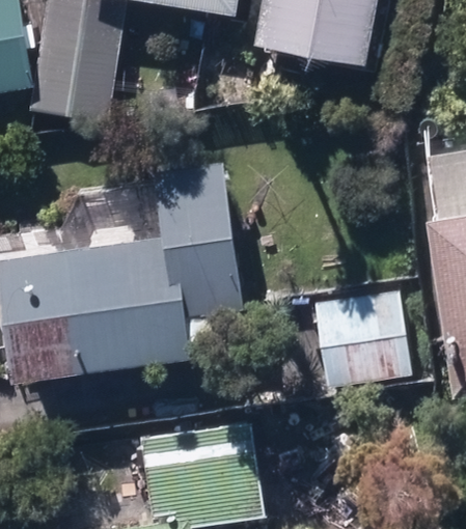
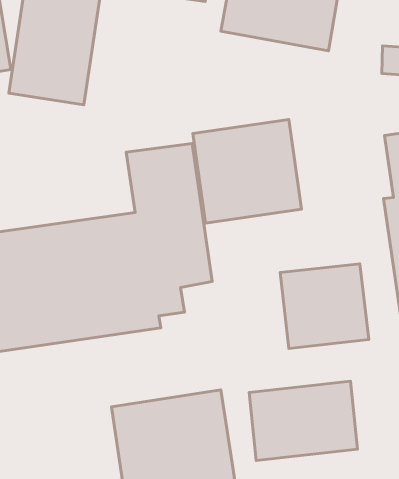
building: none -> [193,120,301,223]
building: none -> [249,381,358,461]

